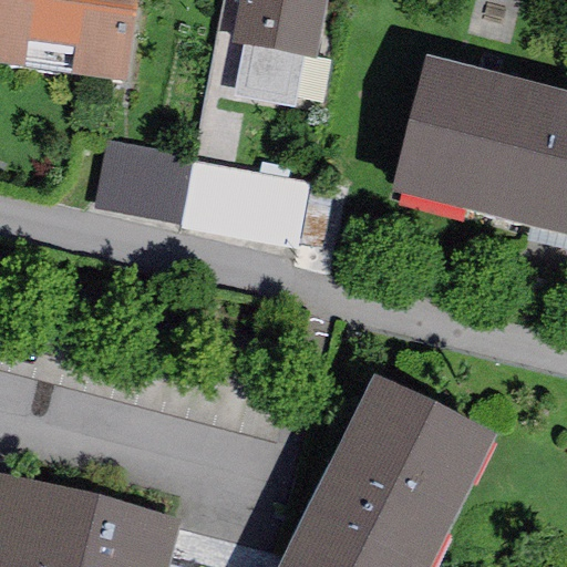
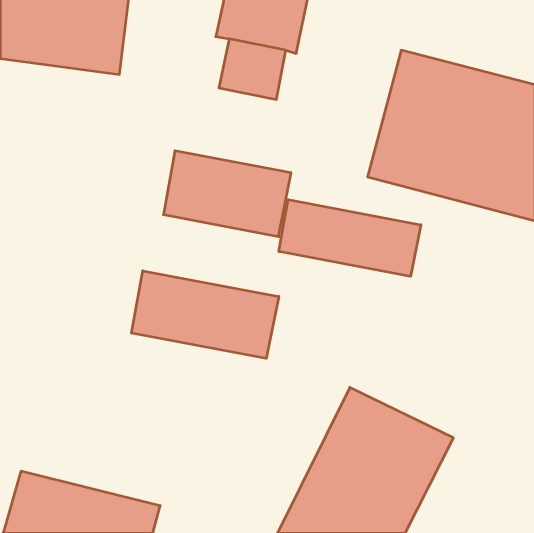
building: [80,140,186,227] -> none
building: none -> [279,200,421,276]
building: none -> [131,271,279,358]

